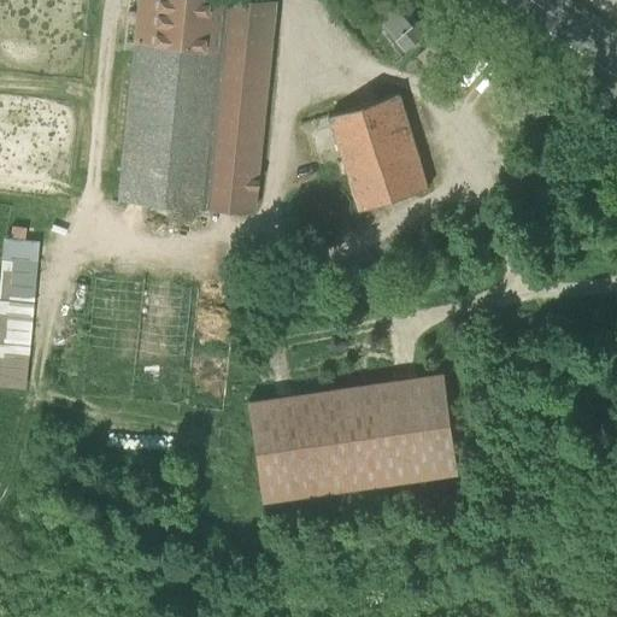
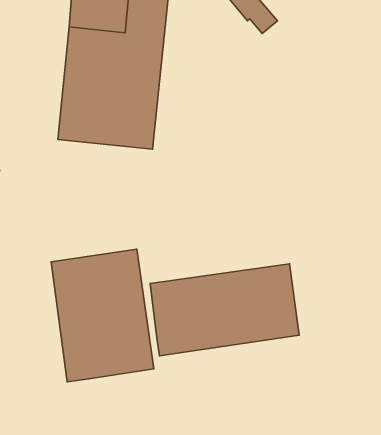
building: [330,96,429,213] -> none
building: none -> [51,249,154,382]

